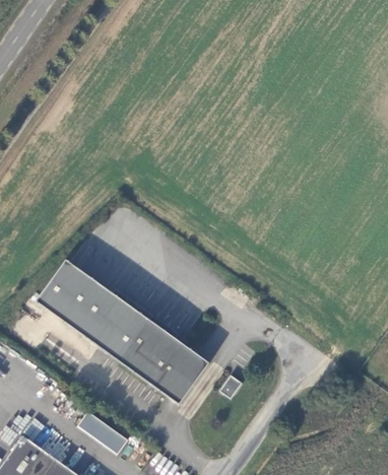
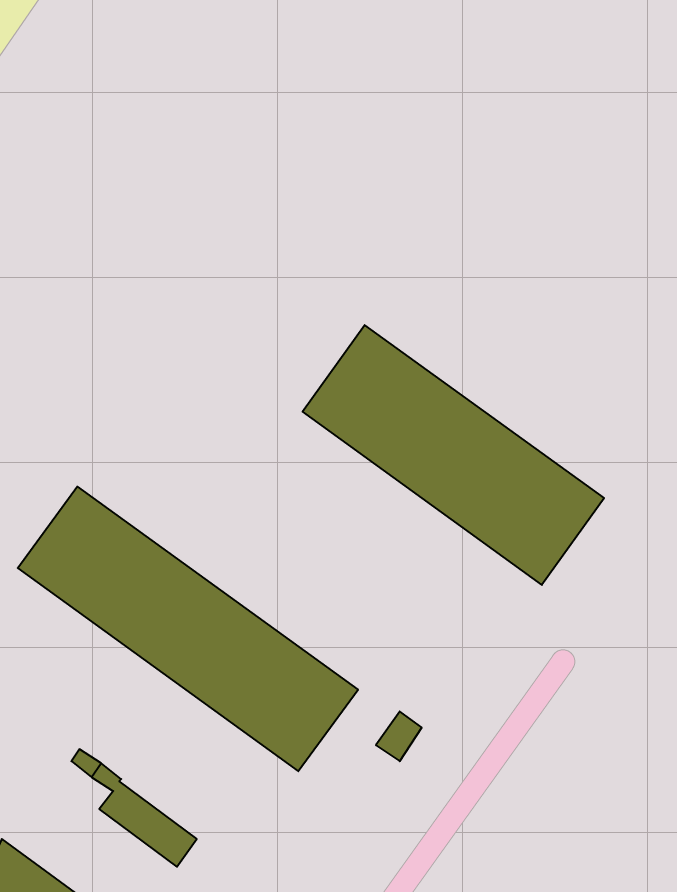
building: none -> [303,325,604,585]

